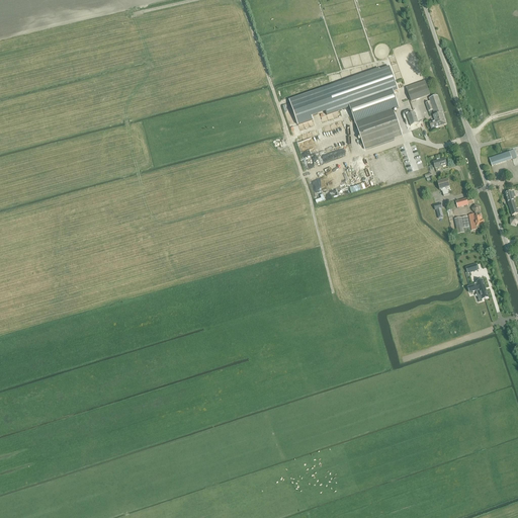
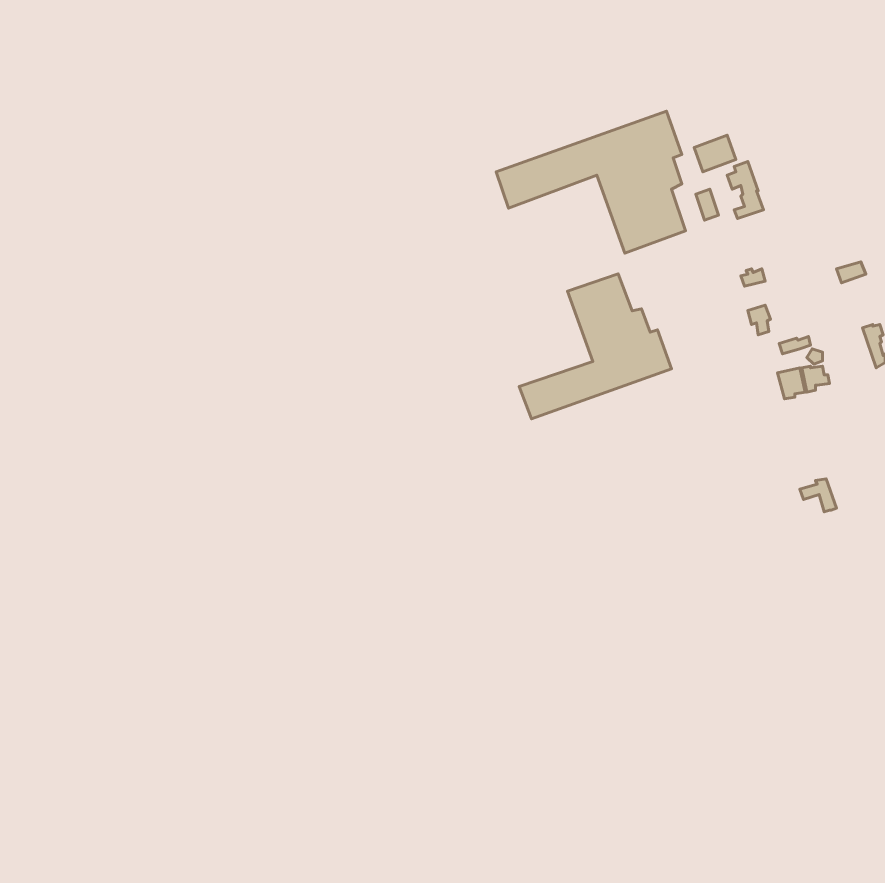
building: none -> [519,274,671,419]

